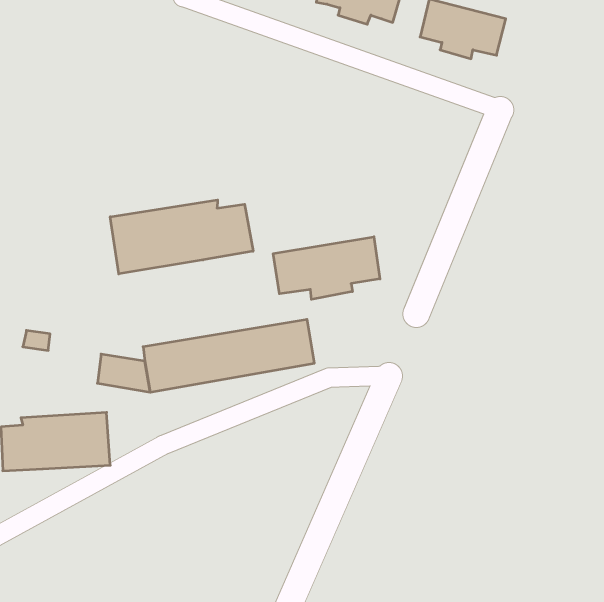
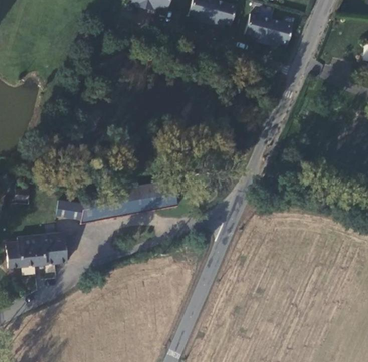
building: [110,200,253,274] -> none
building: [273,237,380,299] -> none

